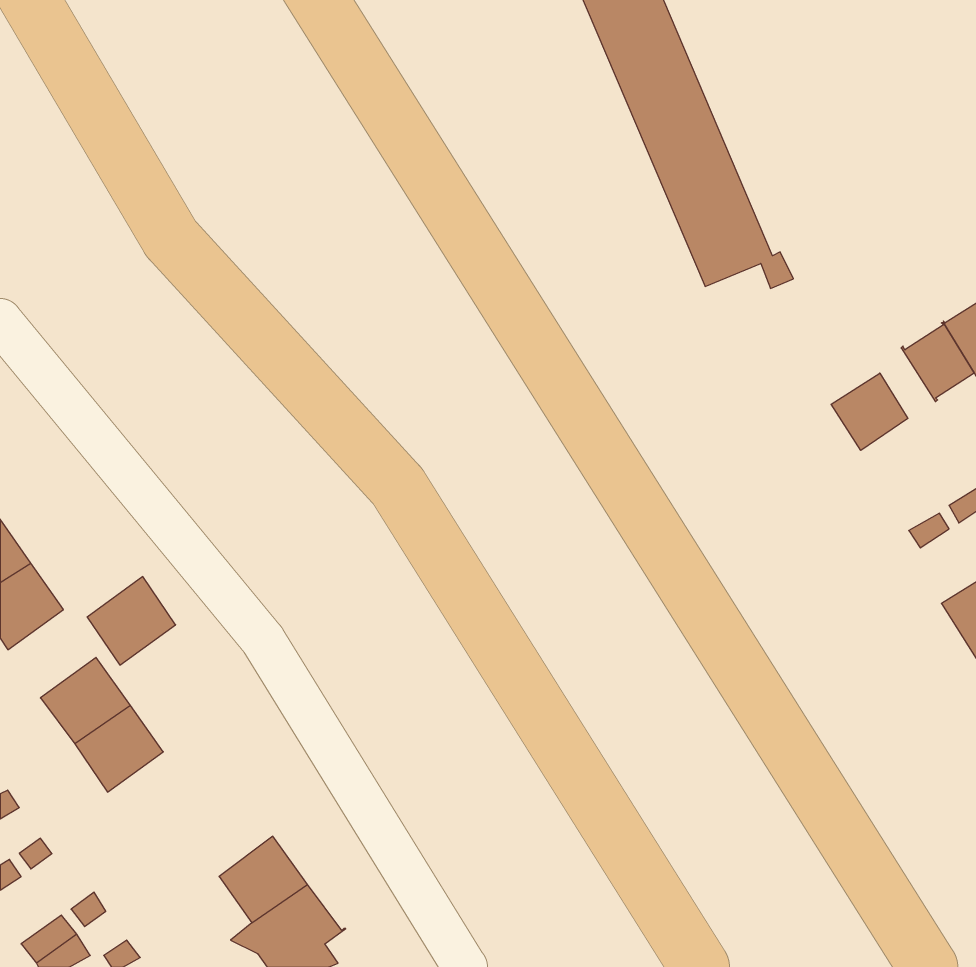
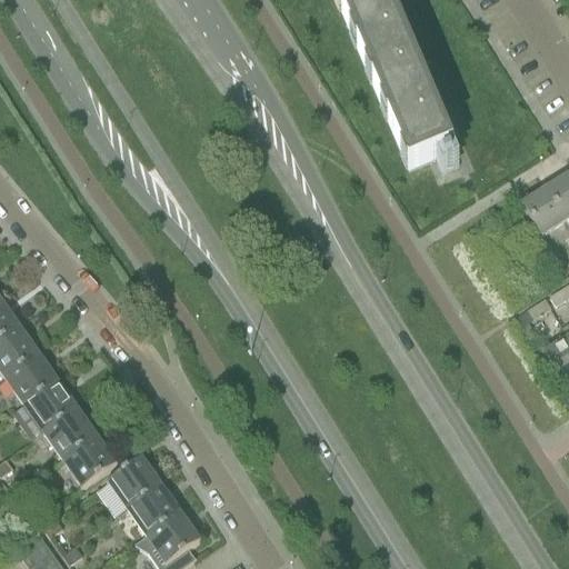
building: [831,373,908,450] -> none
building: [87,577,176,665] -> [8,352,59,403]
building: none -> [66,435,120,486]
building: none -> [110,453,161,507]

